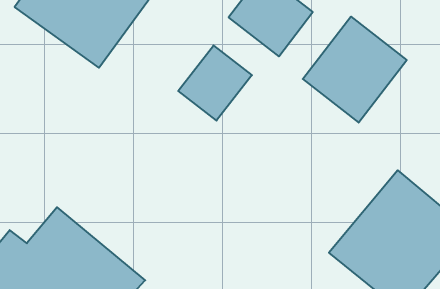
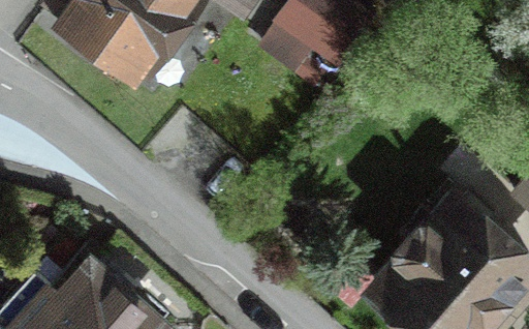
building: [303,17,407,123] -> none
building: [178,45,252,121] -> none

